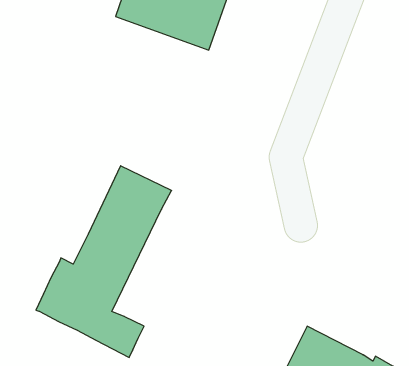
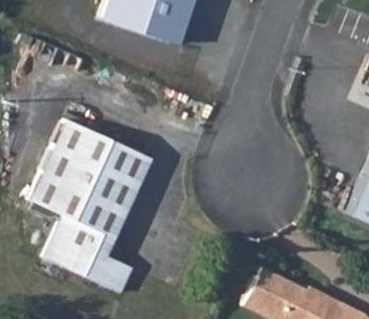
building: none -> [28,118,110,219]

